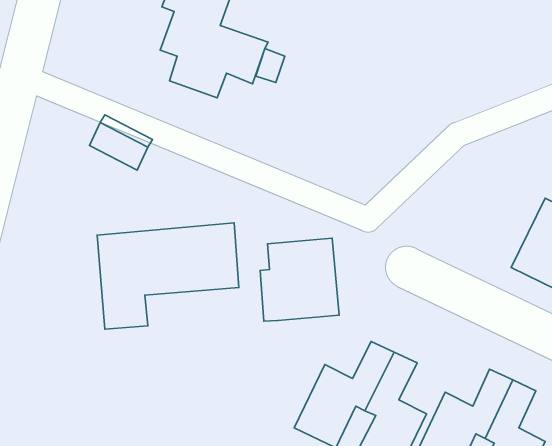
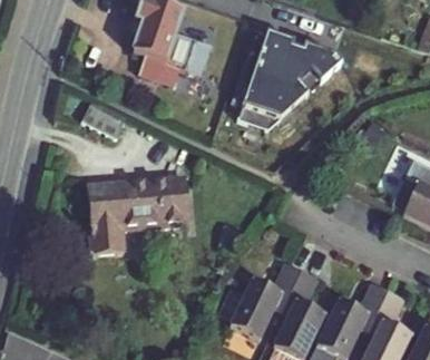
building: none -> [232,31,341,129]
building: [260,238,339,321] -> none

